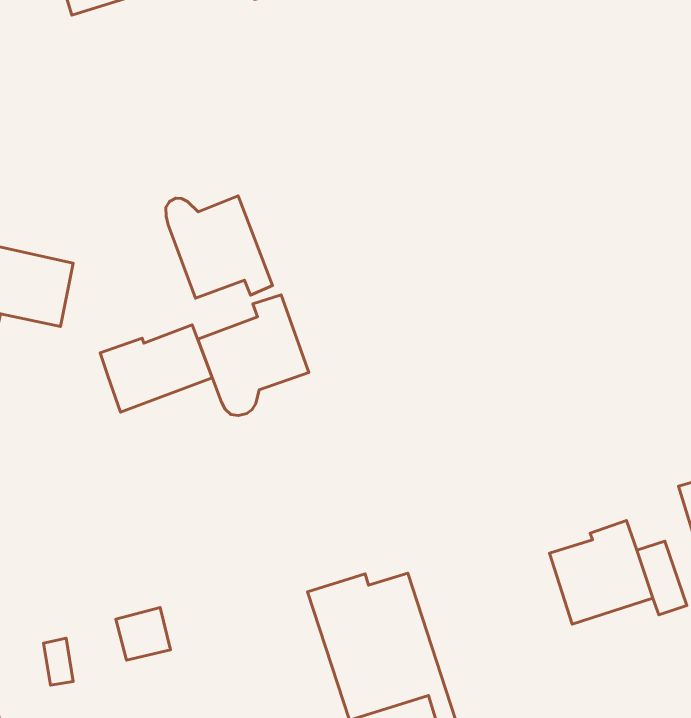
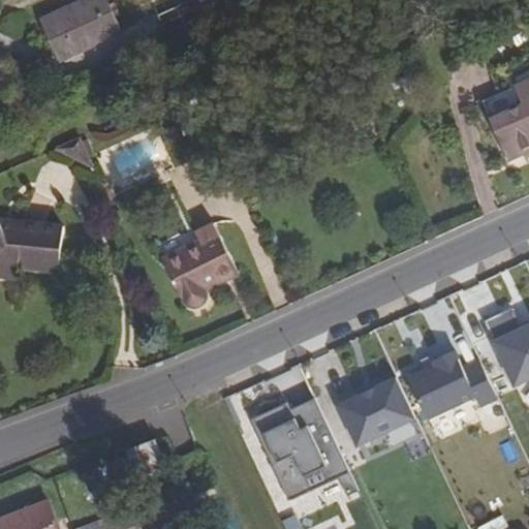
building: [166,196,272,298] -> none
building: [100,325,212,412] -> none
building: none -> [337,373,416,445]

